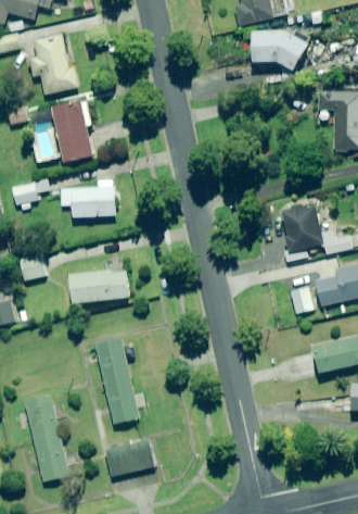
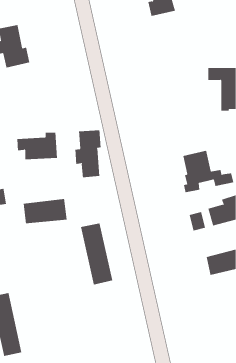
building: [252,28,310,73] -> none
building: [52,101,92,162] -> none
building: none -> [75,130,101,178]
building: [95,340,140,424] -> [80,223,113,285]
building: [104,440,154,476] -> none

